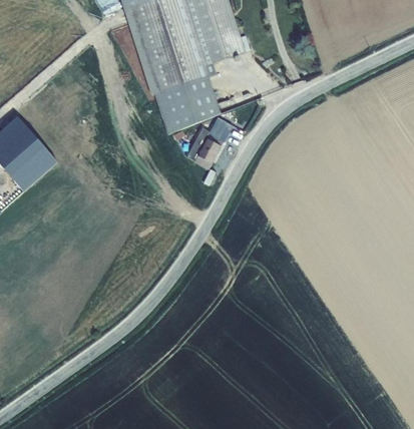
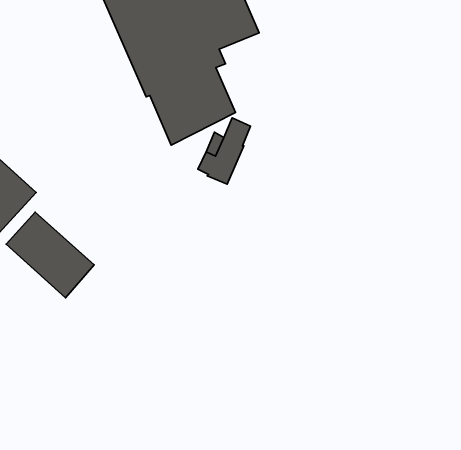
building: none -> [6,212,94,298]

